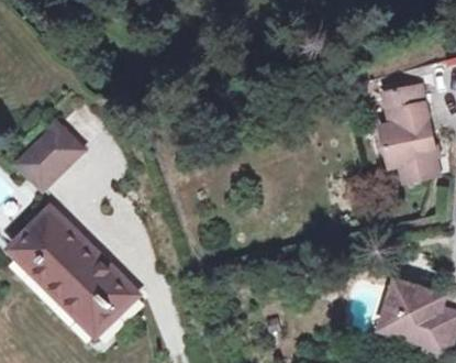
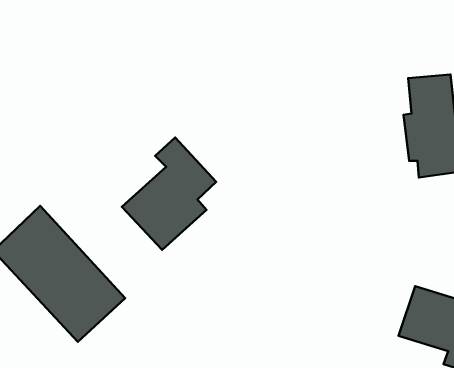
building: [22,124,87,185] -> none
building: none -> [122,138,216,250]

